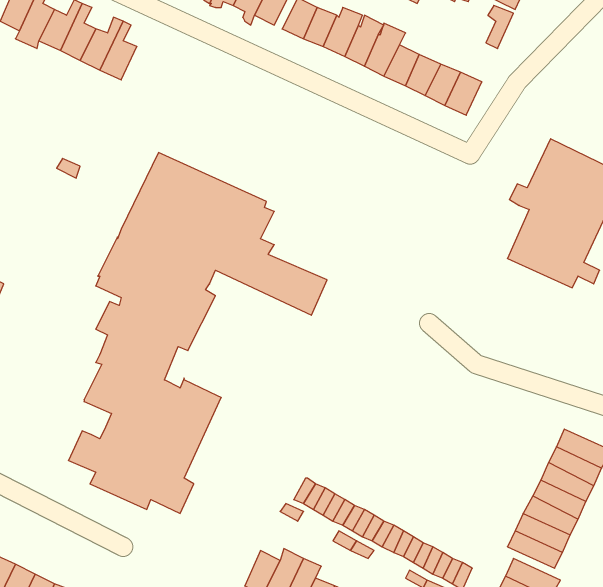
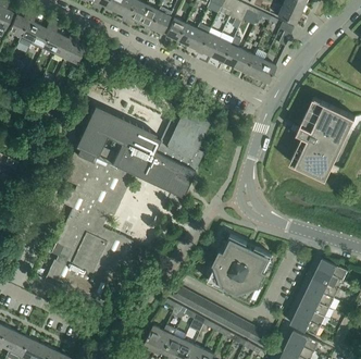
building: none -> [154,104,211,176]
building: none -> [208,235,272,301]

